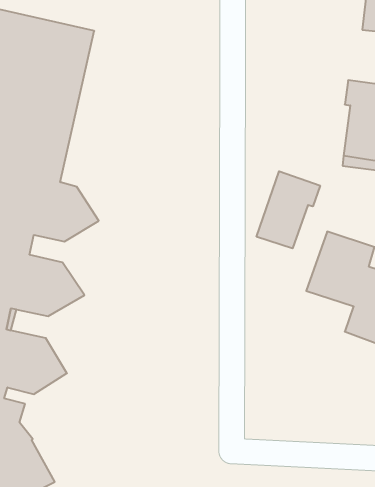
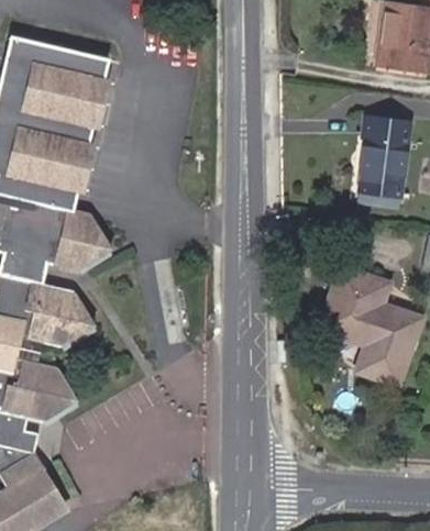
building: [257,171,320,248] -> none

